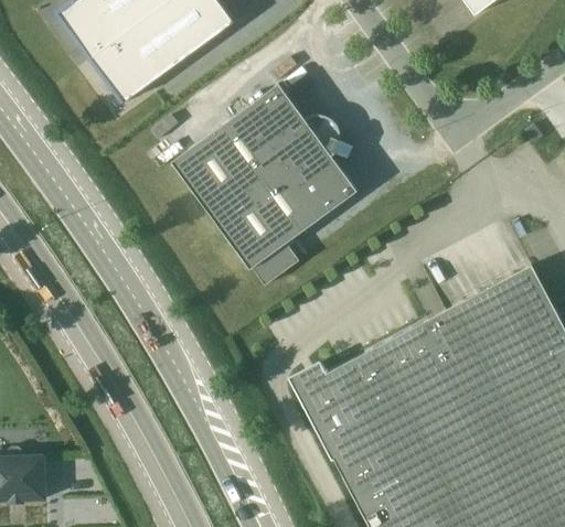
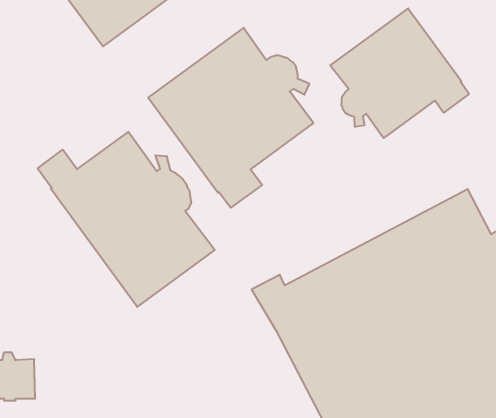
building: none -> [330,8,469,138]
building: none -> [38,132,215,307]

